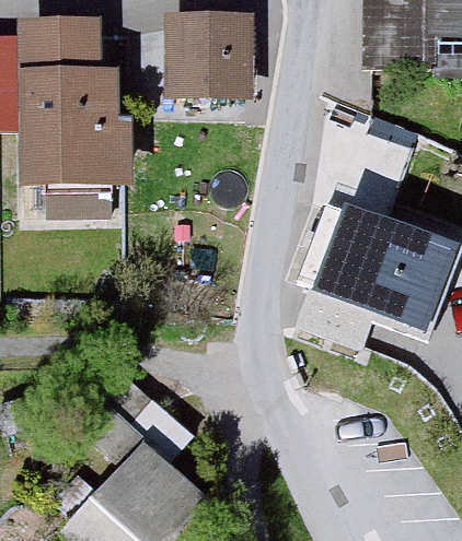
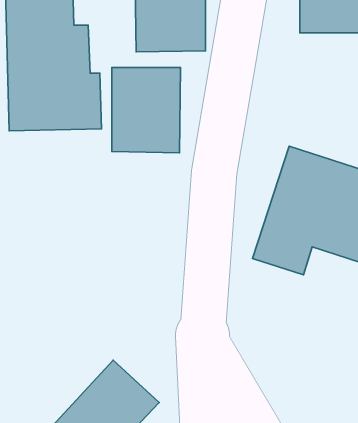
building: none -> [112,67,180,153]

